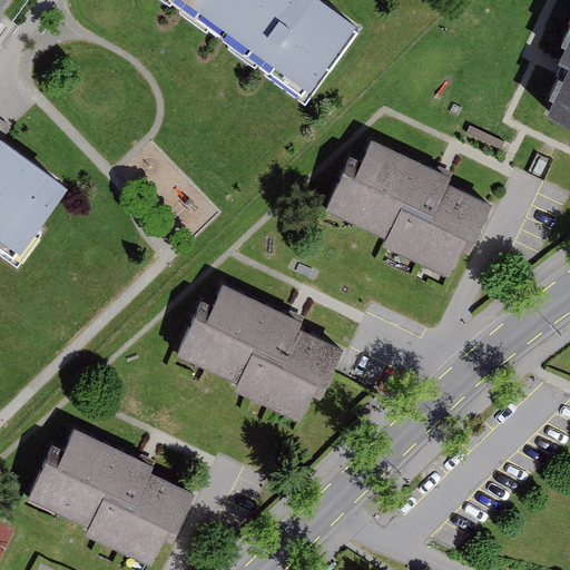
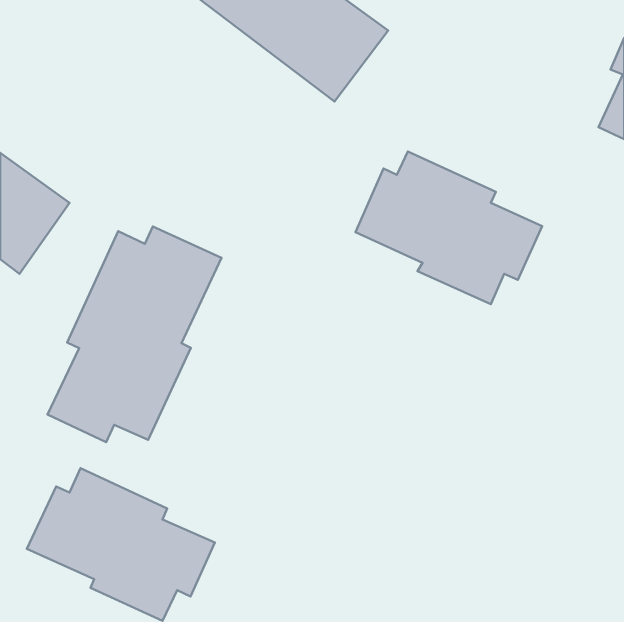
building: none -> [48,227,222,442]
building: [174,284,344,423] -> none

